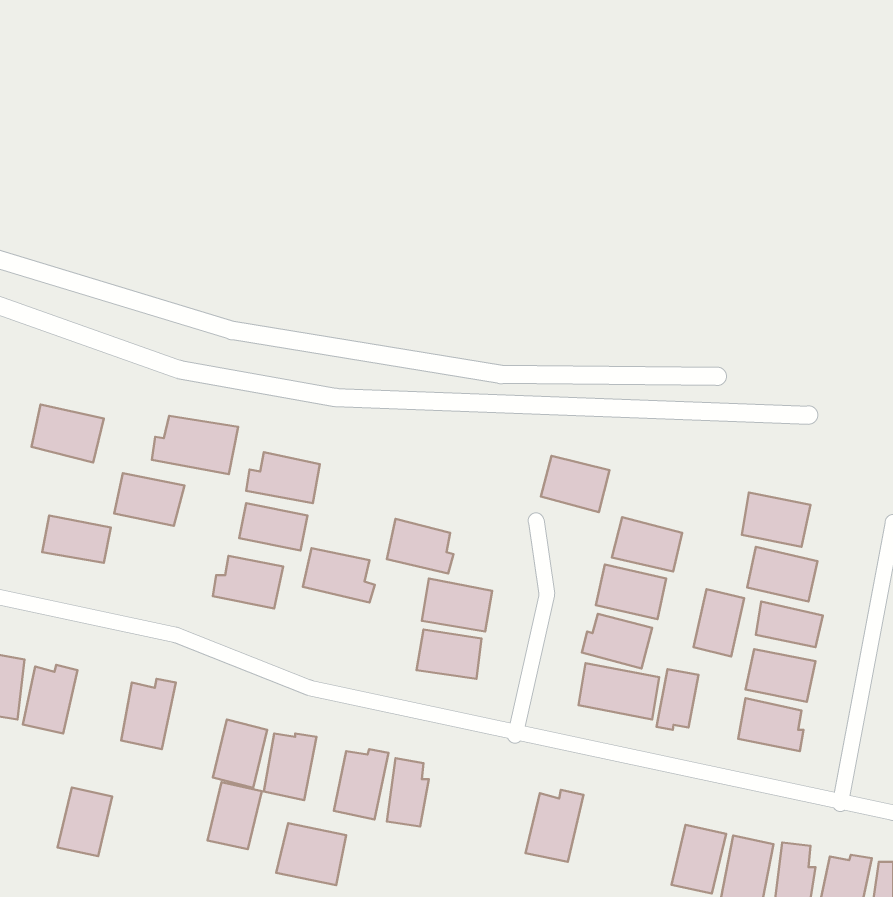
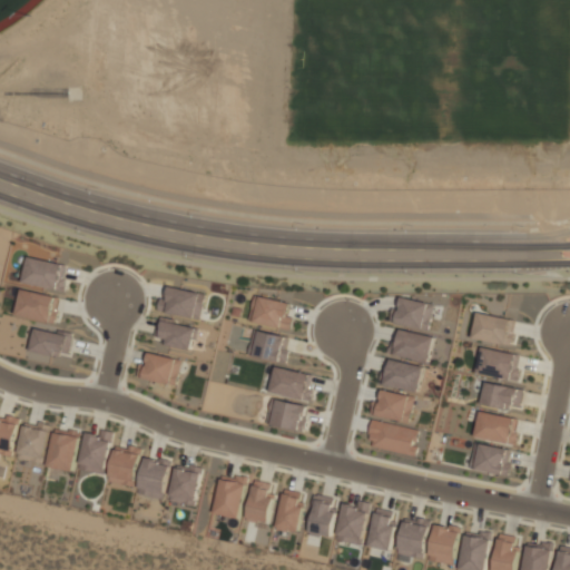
building: [152,416,238,474] -> none
building: [541,456,609,512] -> [389,296,432,332]
building: [114,473,185,526] -> [13,291,58,324]
building: [303,548,375,603] -> [245,296,291,331]
building: [694,589,744,656] -> none
building: [657,669,698,730] -> none
building: none -> [273,490,303,534]
building: none -> [307,495,334,539]
building: [207,782,262,849] -> [106,445,140,488]
building: [58,788,112,856] -> [45,429,79,472]
building: none -> [365,509,396,551]
building: none -> [394,518,430,560]
building: [276,823,346,885] -> none

